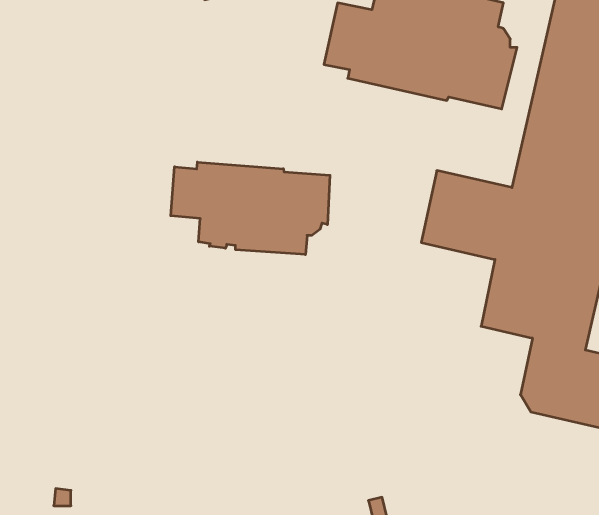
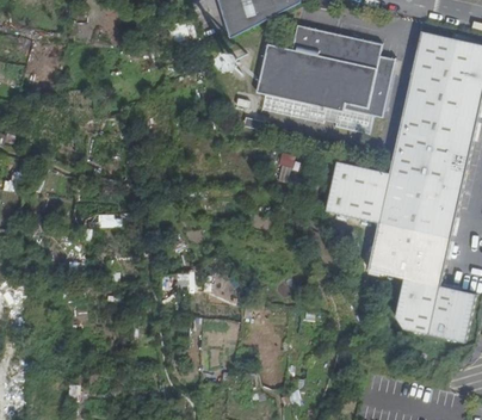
building: [171,162,330,255] -> none

